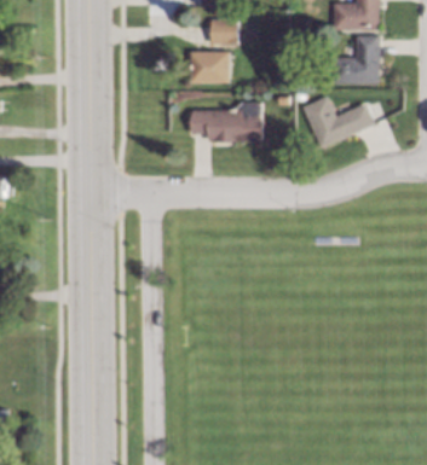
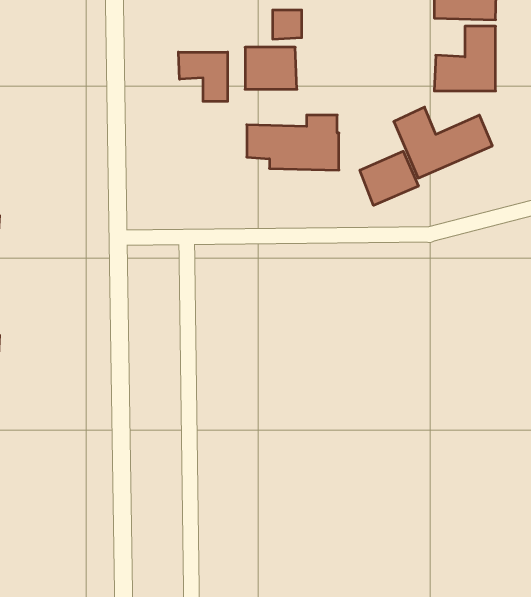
building: none -> [178,52,228,101]
building: none -> [360,151,418,205]

